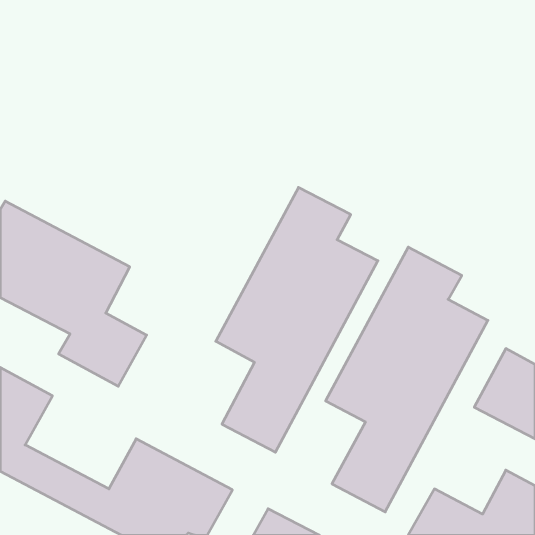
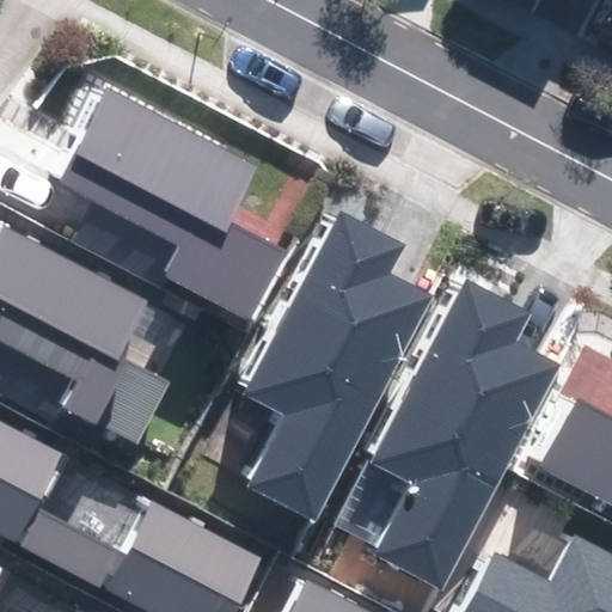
building: none -> [62,91,283,317]

